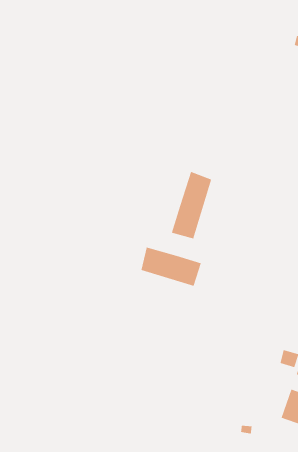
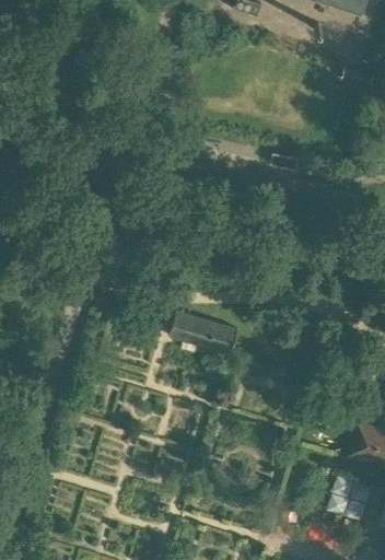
building: [171,171,212,240] -> none

